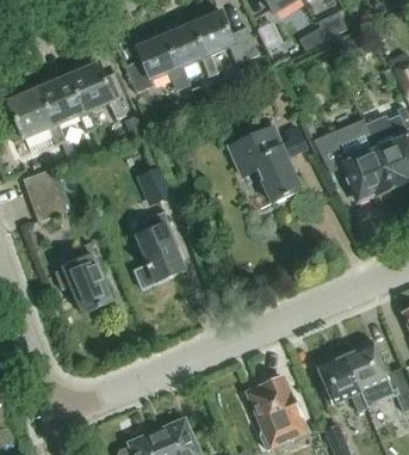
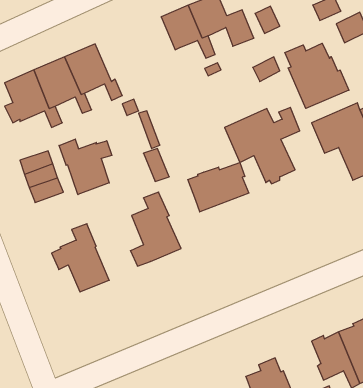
building: [125,32,192,92] -> none
building: none -> [285,43,349,108]
building: none -> [59,139,112,195]
building: none -> [188,163,249,212]

